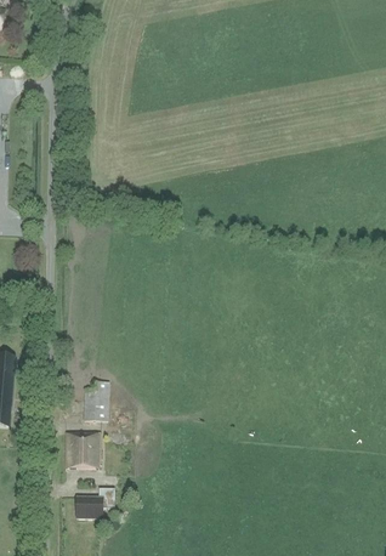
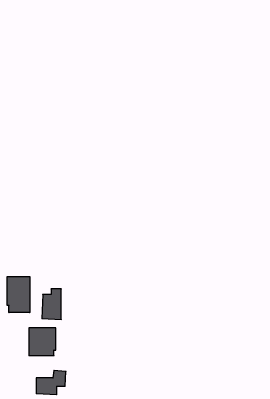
building: none -> [7,277,30,313]

